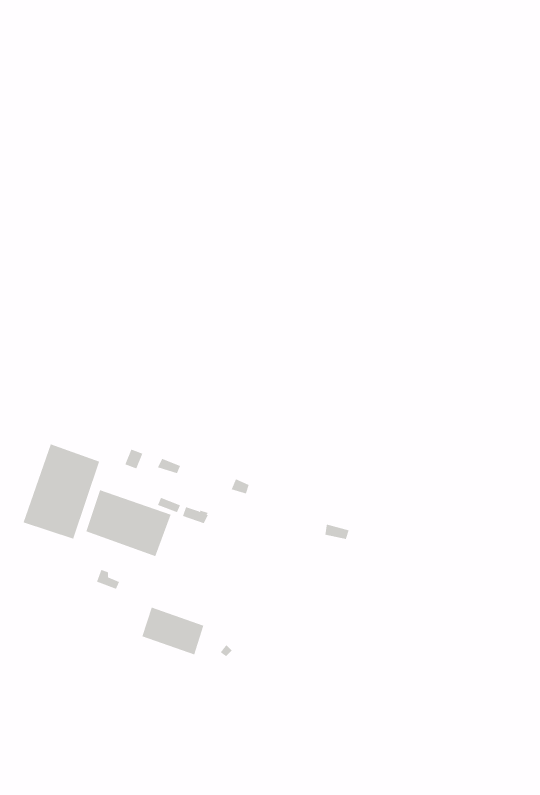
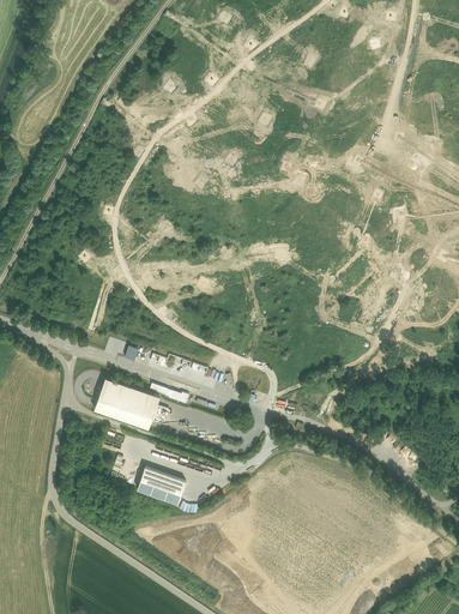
building: [23,443,100,539] -> none

